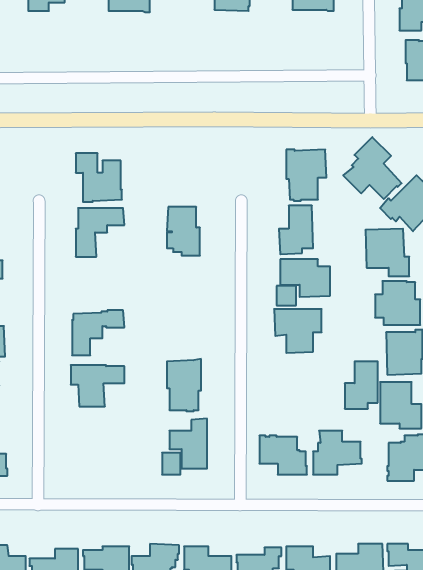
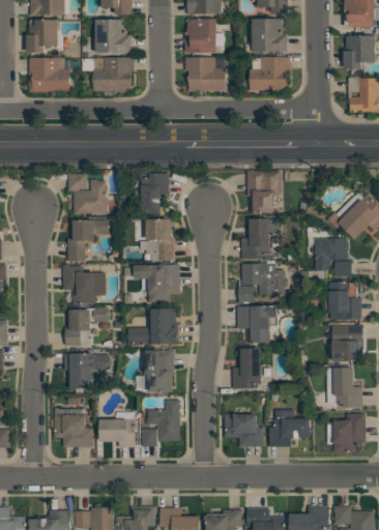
building: none -> [186,56,227,91]
building: none -> [250,56,291,91]
building: none -> [30,57,70,91]
building: none -> [93,57,135,92]
building: [343,137,402,199] -> none
building: none -> [142,173,170,214]
building: none -> [135,263,180,303]
building: none -> [63,264,106,303]
building: none -> [128,307,179,345]
building: [345,361,378,409] -> [233,348,261,388]
building: none -> [54,407,94,447]
building: none -> [100,418,136,446]

